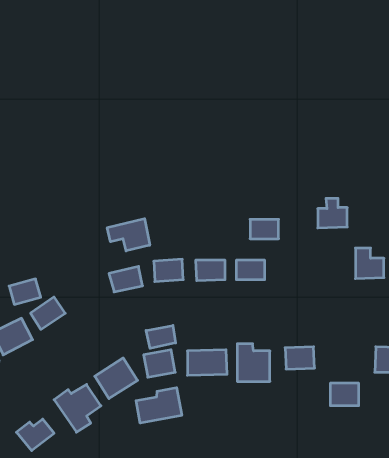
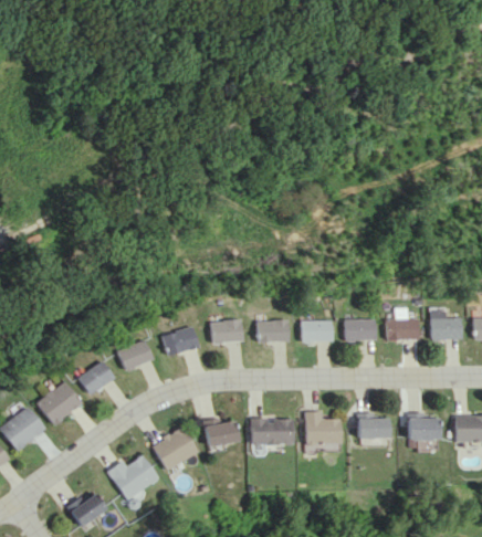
building: [318,198,347,228] -> [388,308,420,340]
building: [107,219,150,251] -> none
building: [250,219,279,239] -> [346,319,377,340]
building: [9,279,41,304] -> [120,341,155,369]
building: [146,325,176,348] -> none
building: [330,383,359,406] -> [407,415,438,440]
building: [136,388,182,423] -> none

